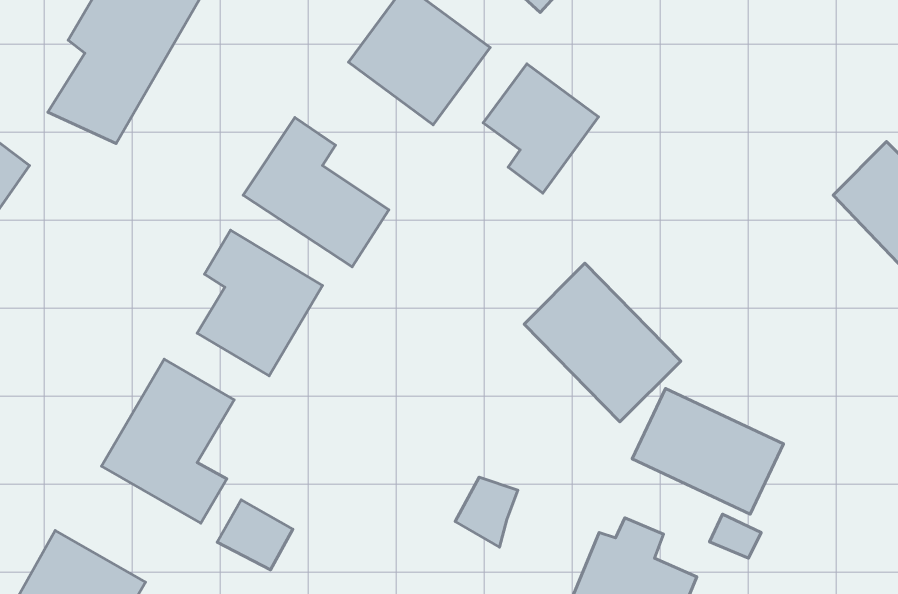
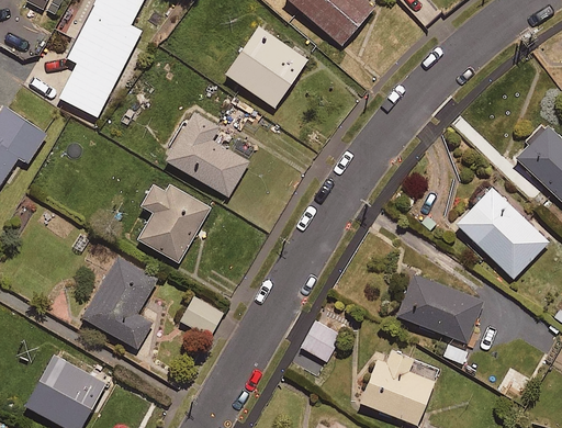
building: [483,64,598,193] -> none
building: [524,263,681,422] -> [456,185,549,280]
building: [217,500,293,570] -> [179,296,224,338]

